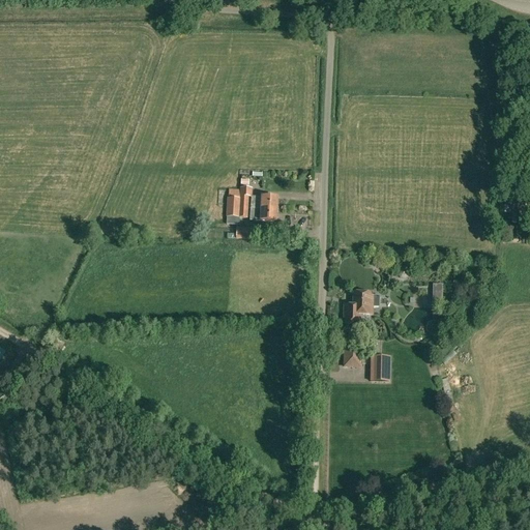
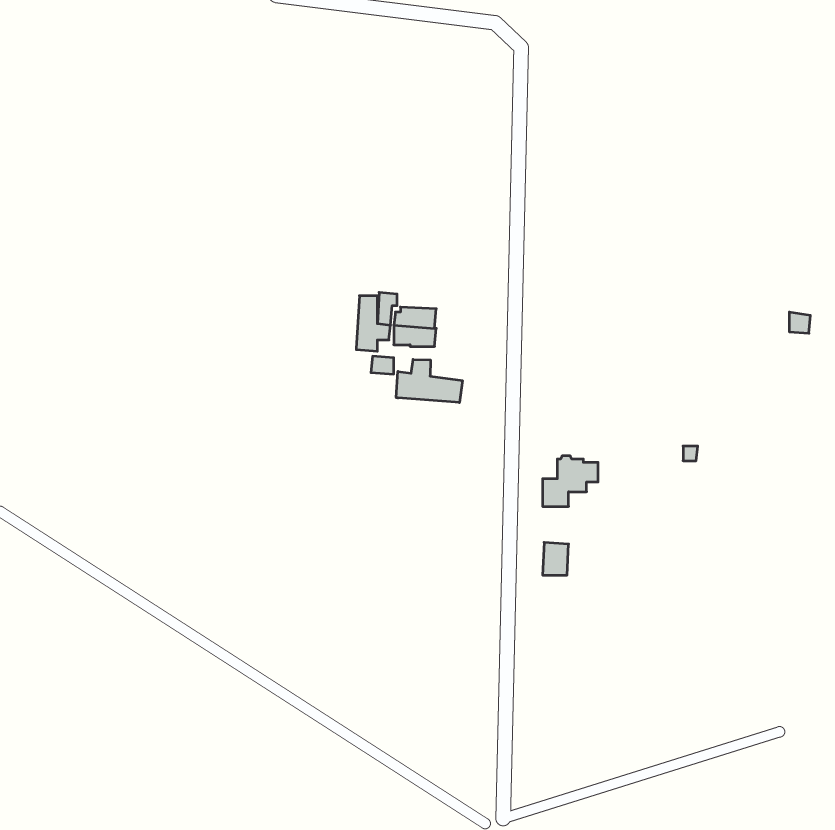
building: none -> [396,359,462,403]
building: [372,354,390,380] -> none

